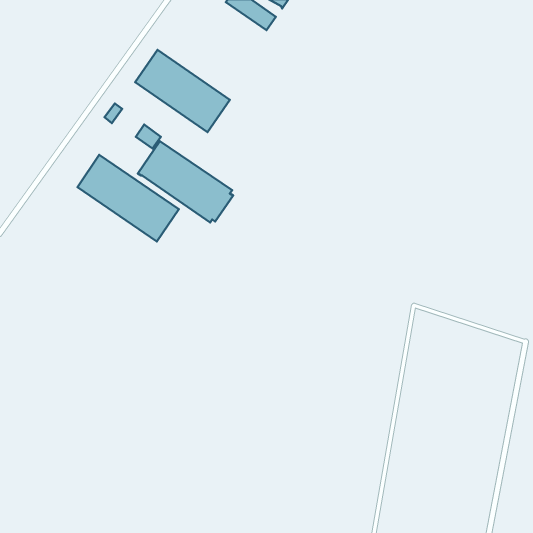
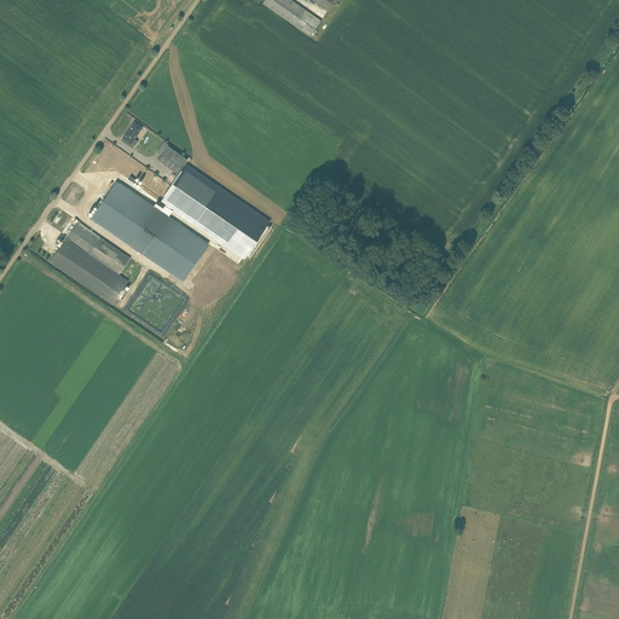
building: [135,50,230,132] -> none
building: none -> [48,216,129,303]

